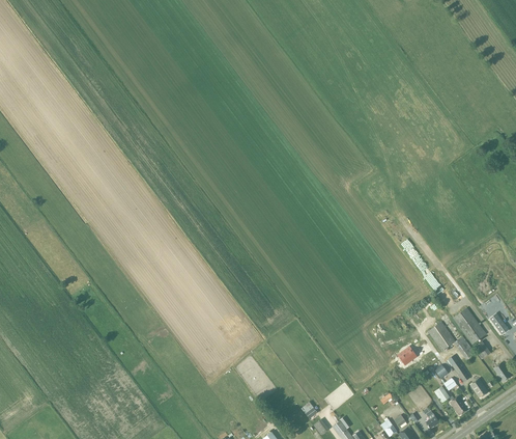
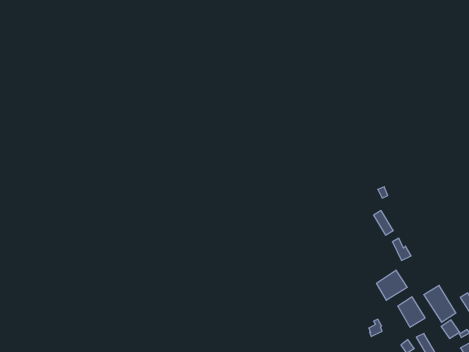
building: none -> [377,270,407,300]

